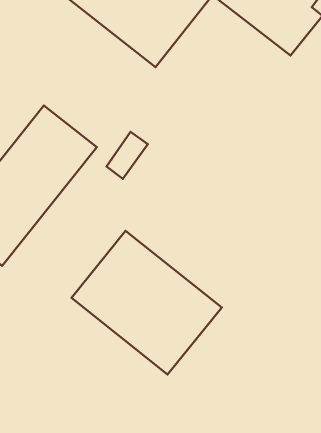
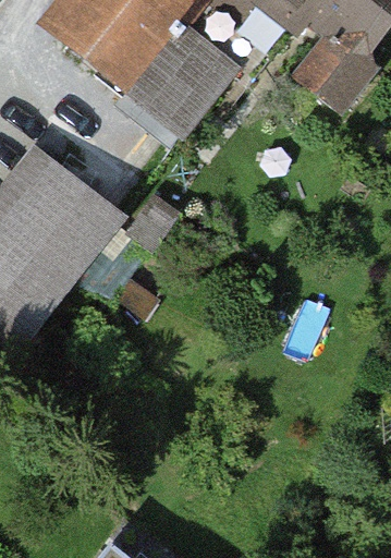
building: [71,231,222,374] -> none

